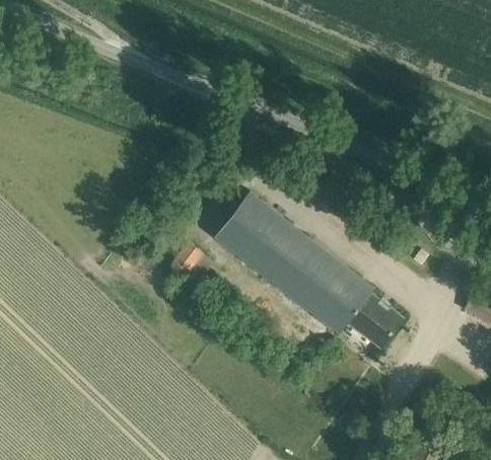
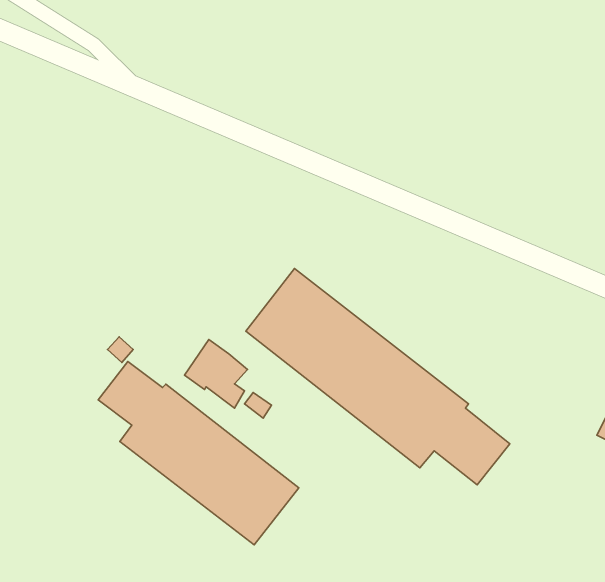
building: none -> [98,362,299,545]

